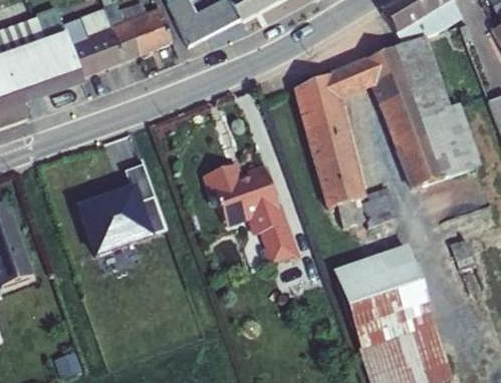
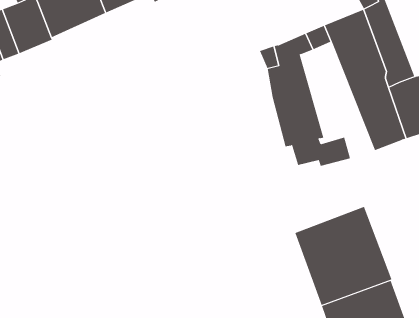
building: [209,162,296,259] -> none
building: [74,187,163,254] -> none

